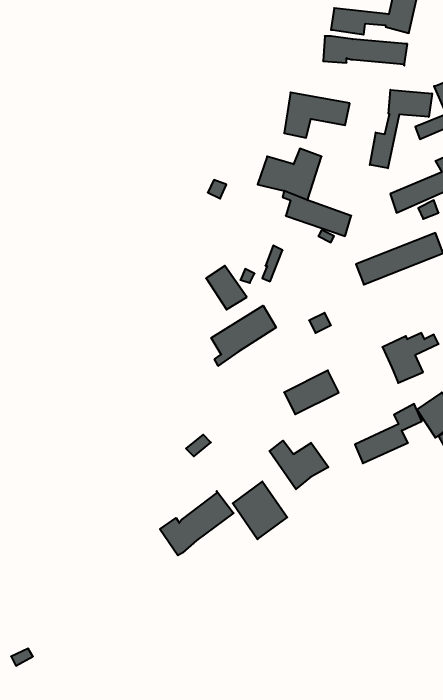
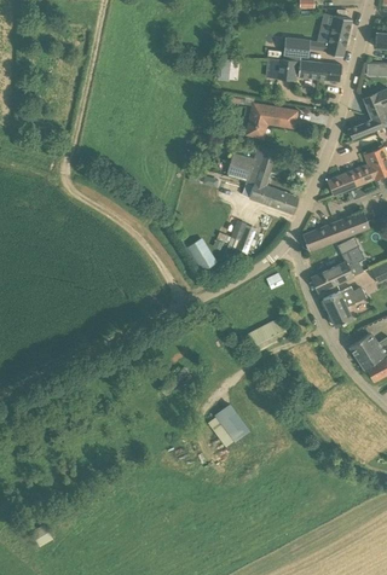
building: [370,90,432,168] -> none
building: [211,306,276,366] -> none
building: [355,404,422,463] -> [311,245,363,291]
building: [269,441,328,489] -> none
building: [160,491,234,555] -> none

